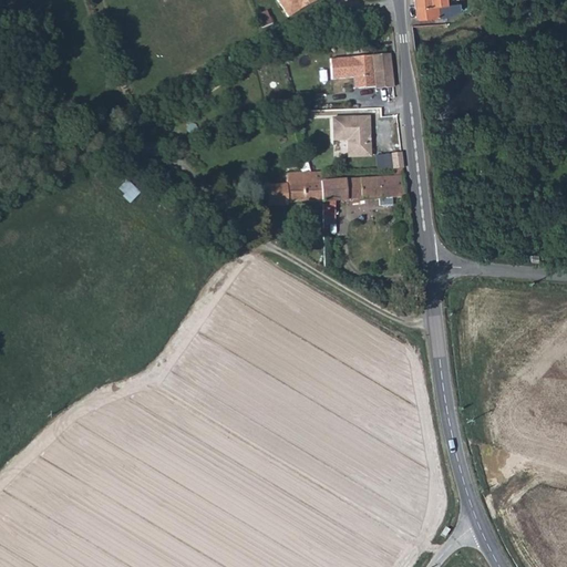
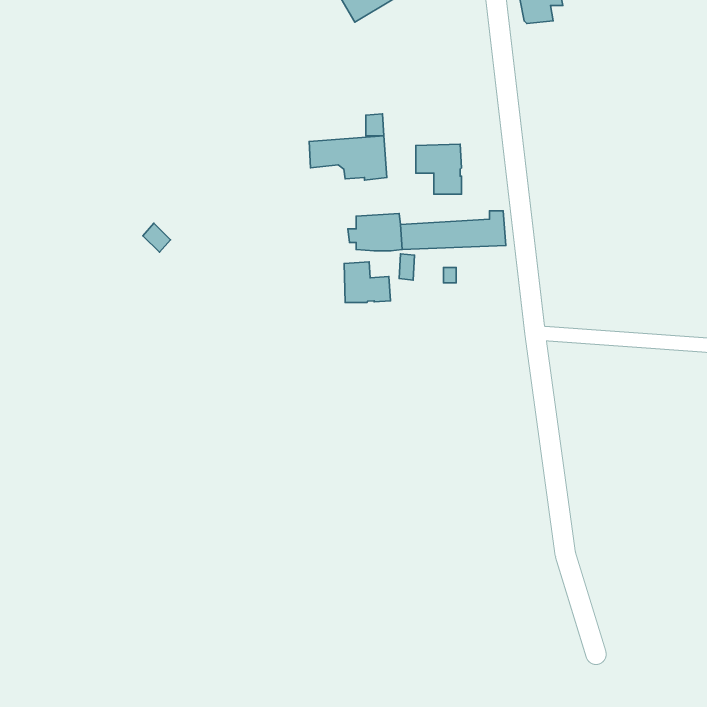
building: [331,52,393,87] -> [309,136,387,180]
building: none -> [344,262,391,303]

